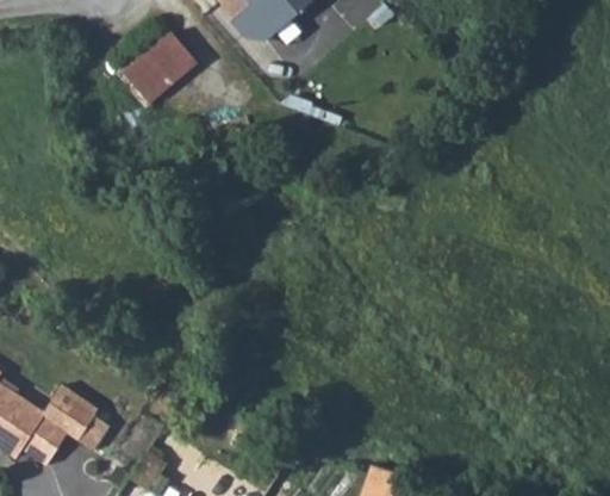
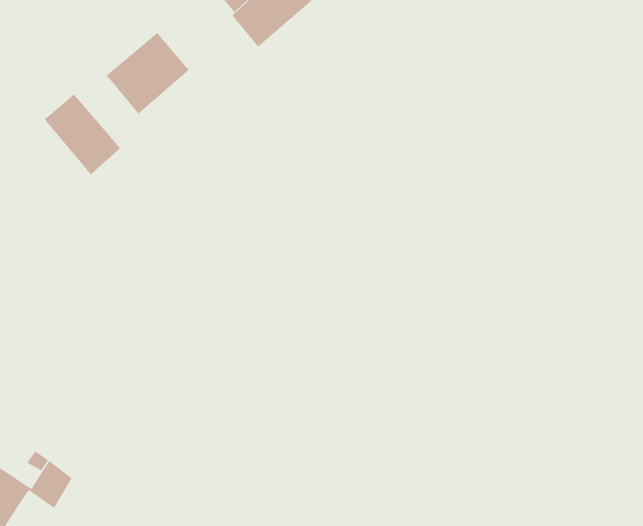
building: none -> [44,94,121,175]

